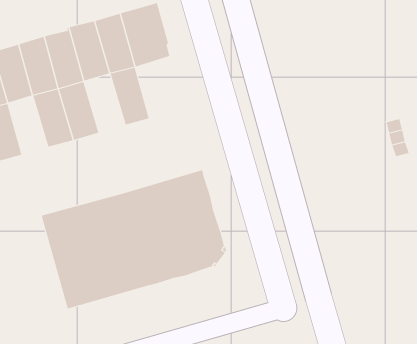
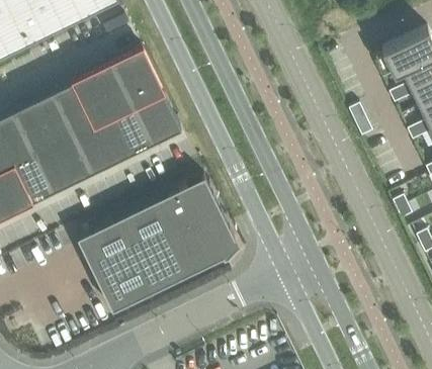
building: none -> [134,89,181,144]
building: none -> [93,112,134,163]
building: none -> [33,142,73,192]

